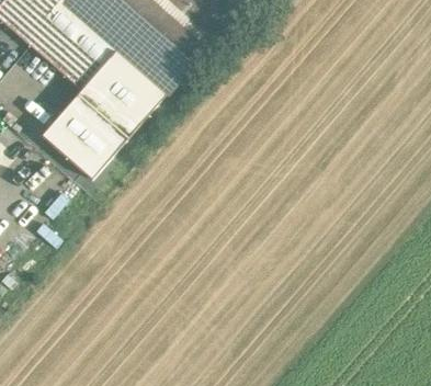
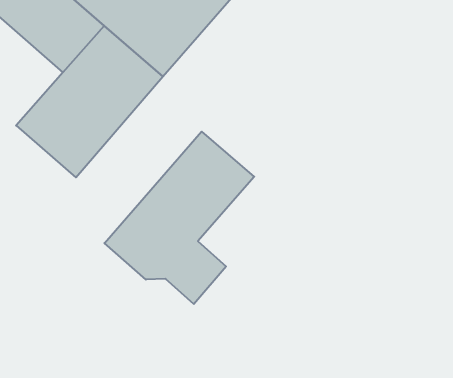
building: none -> [104,132,254,304]

